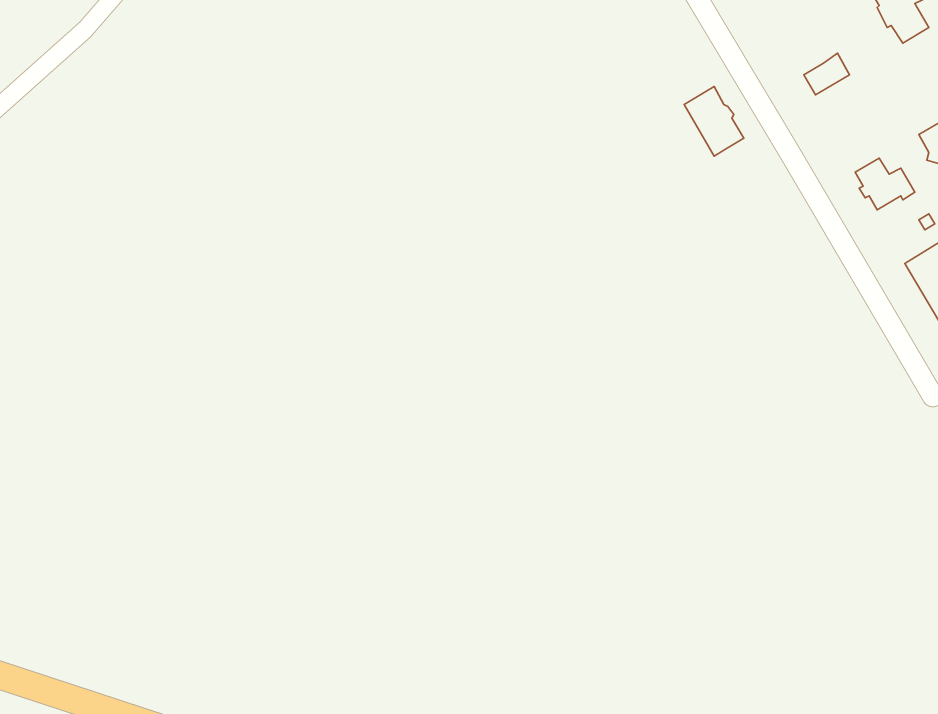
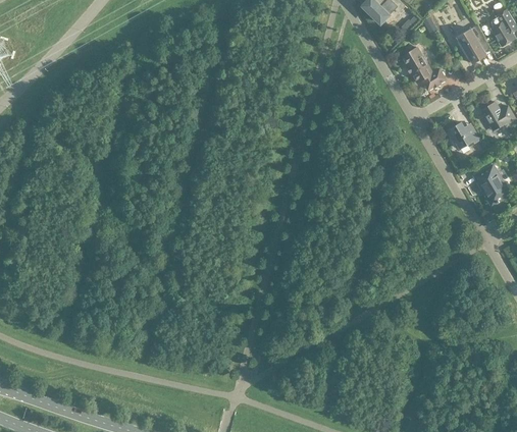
building: [684,87,744,156] -> [401,47,431,83]

